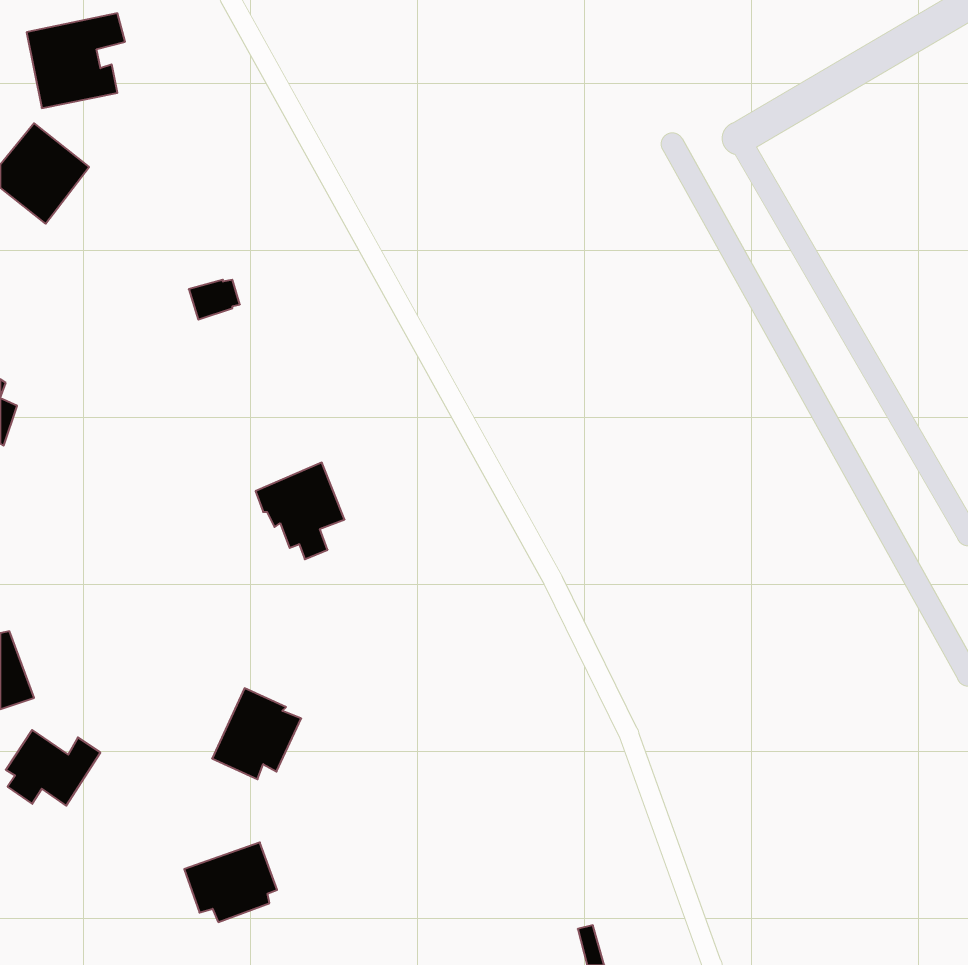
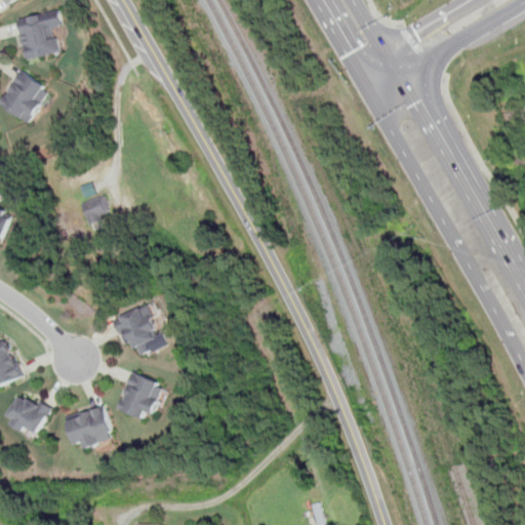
building: [189,280,240,320] -> [82,195,110,216]
building: [256,463,345,559] -> [113,305,161,357]
building: [184,842,277,922] -> [63,405,113,448]

